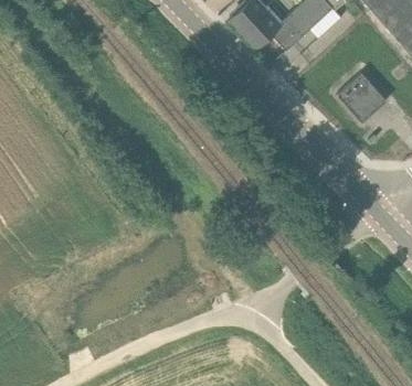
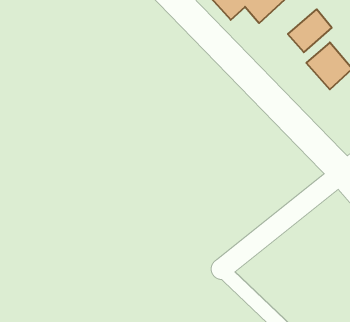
building: none -> [288,9,332,52]

